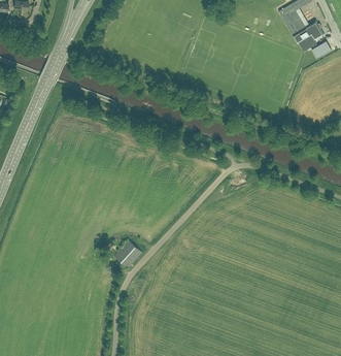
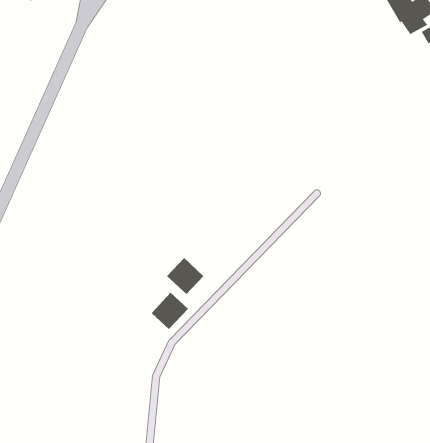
building: none -> [166,257,204,295]

